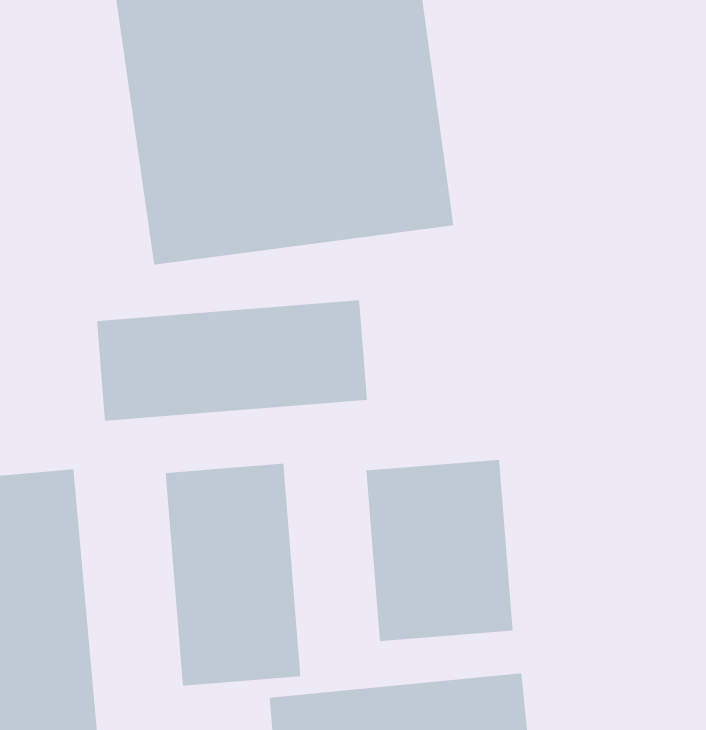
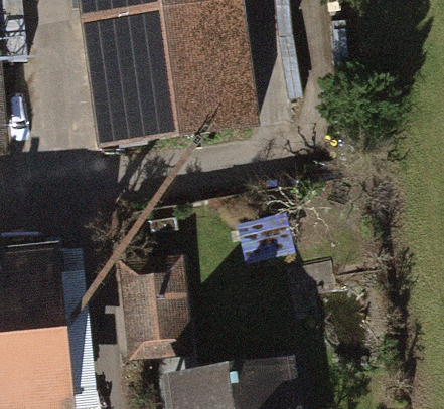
building: [96,299,368,421] -> none
building: [366,459,513,642] -> none

